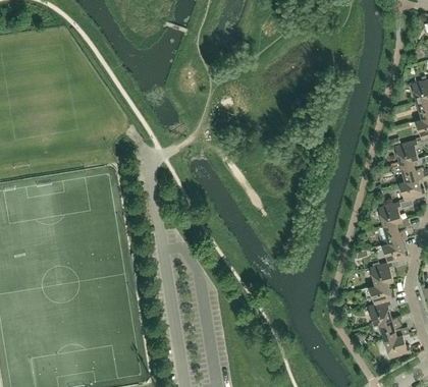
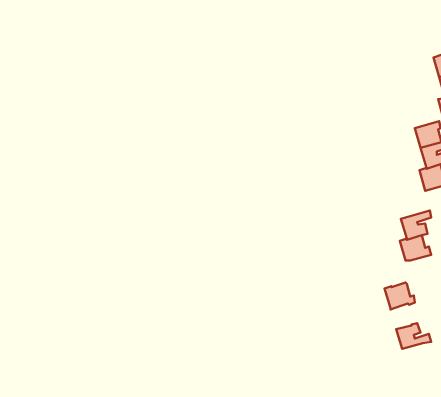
building: [378,203,402,226] -> none
building: [370,263,393,286] -> none
building: [368,300,392,325] -> none
building: [384,335,411,358] -> none

